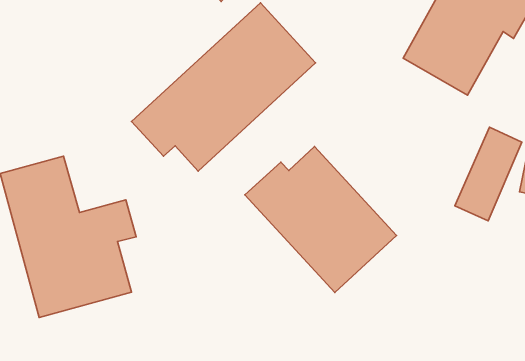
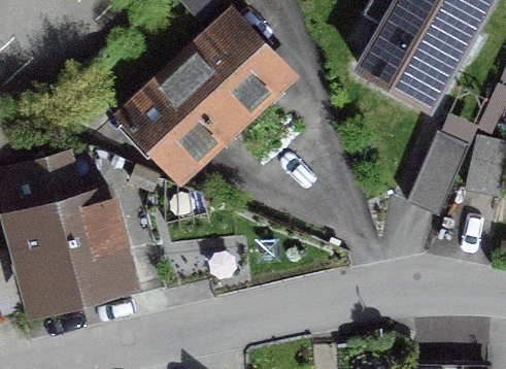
building: [245,146,397,292] -> none

